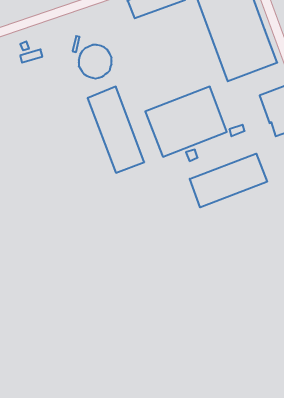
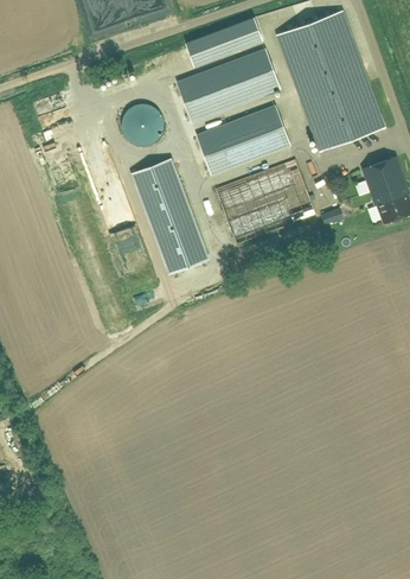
building: none -> [177,50,280,121]
building: none -> [197,107,289,174]
building: [190,154,267,207] -> none

